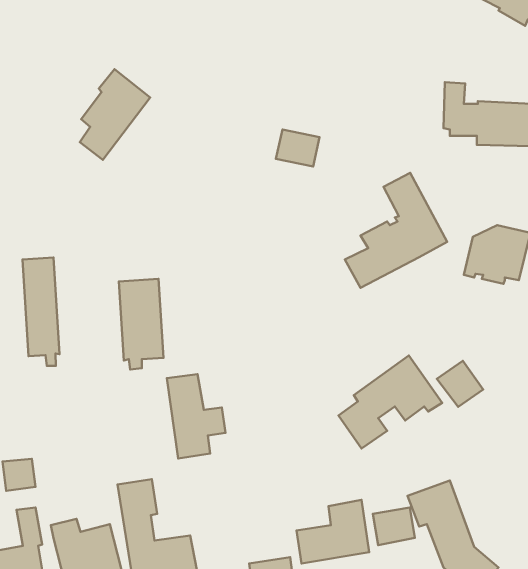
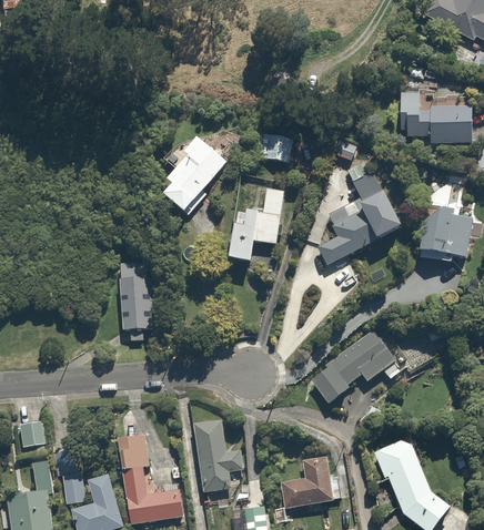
building: [80,69,150,160] -> [165,136,226,215]
building: none -> [230,187,283,266]
building: [22,258,60,366] -> none
building: [437,361,483,407] -> none
building: [167,374,226,458] -> [193,417,244,490]
building: [373,507,415,545] -> none

